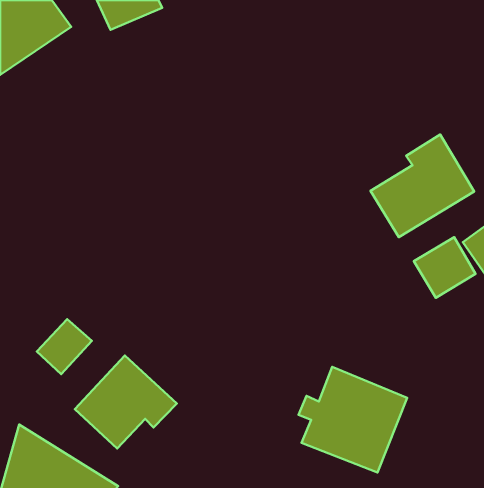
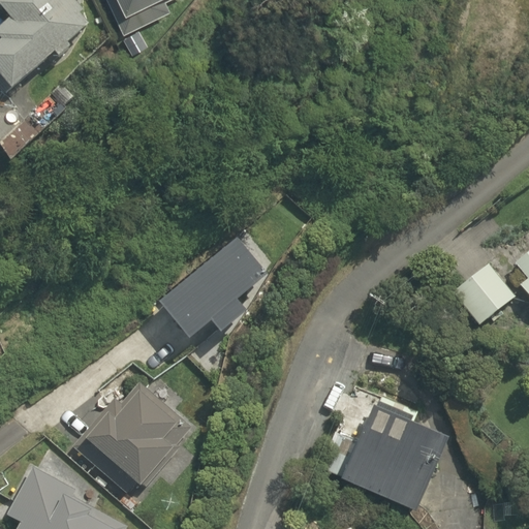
building: [371,135,474,237] -> none
building: none -> [148,241,261,351]
building: [37,319,92,374] -> none

